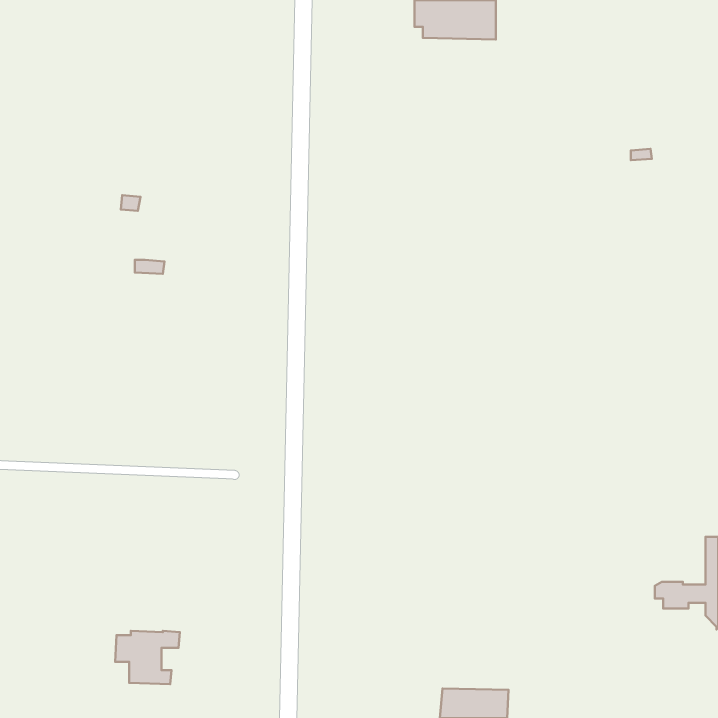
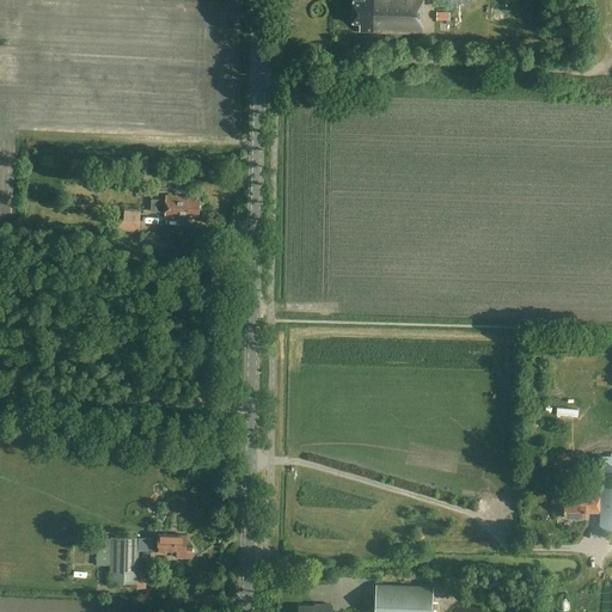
building: none -> [165,196,200,216]
building: none -> [158,534,192,558]

